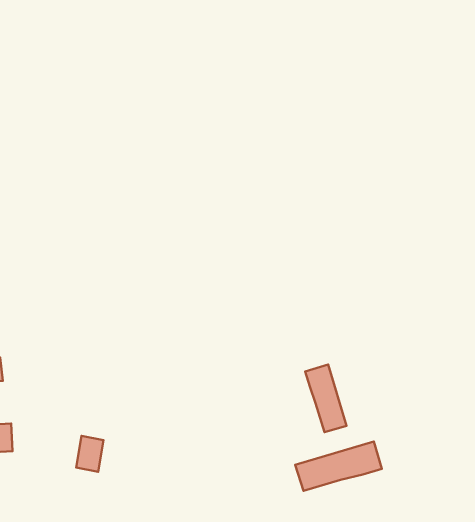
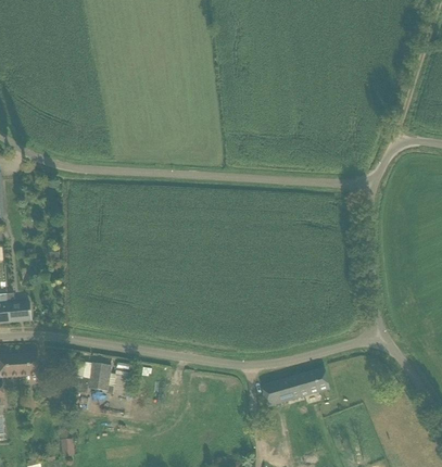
building: [305,365,347,432] -> none

